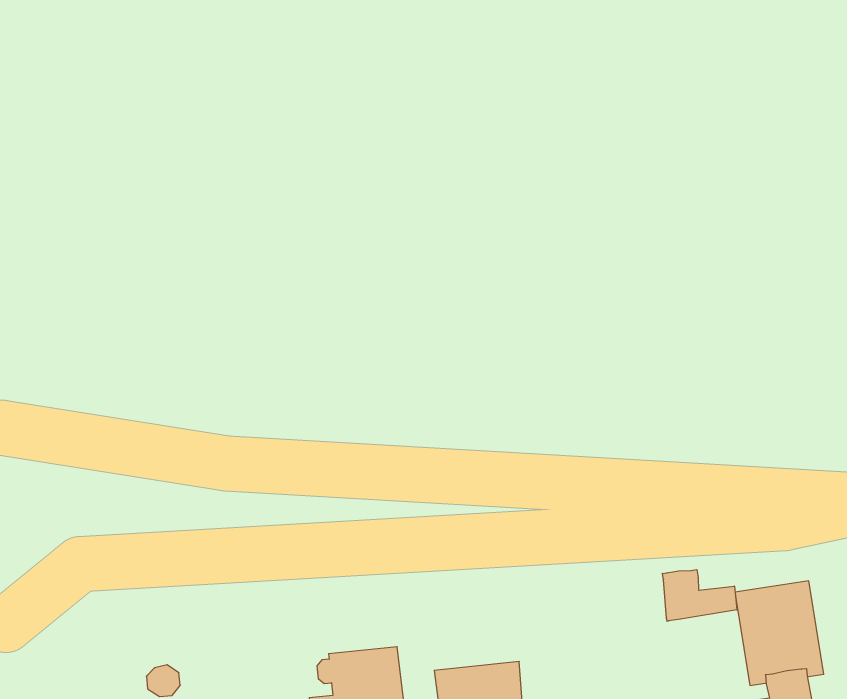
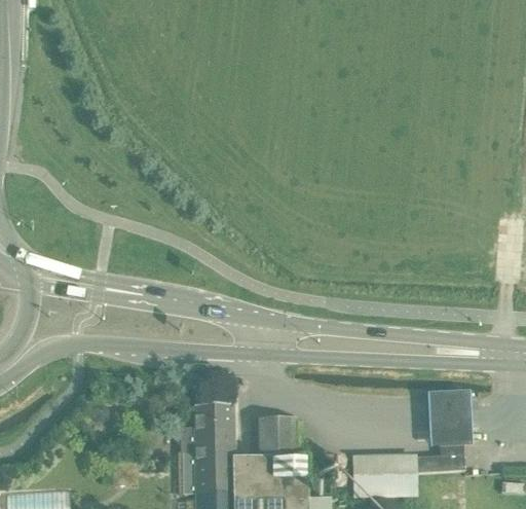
building: [662,570,737,621] -> none

